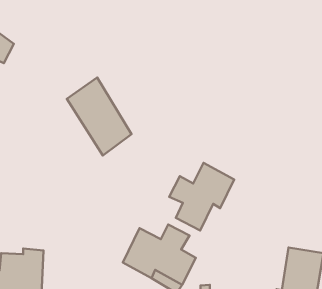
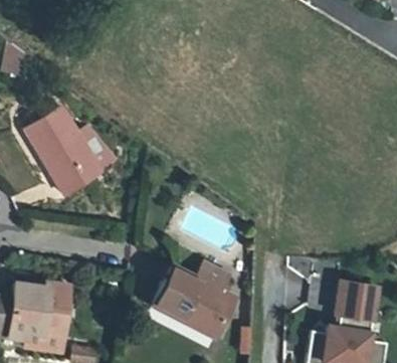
building: [67,78,131,155] -> [30,108,101,192]
building: [169,163,234,230] -> none

